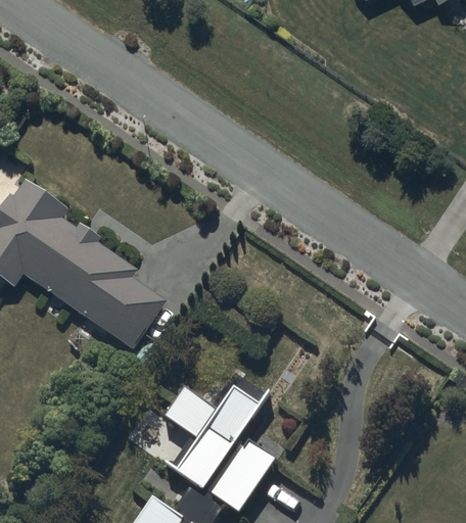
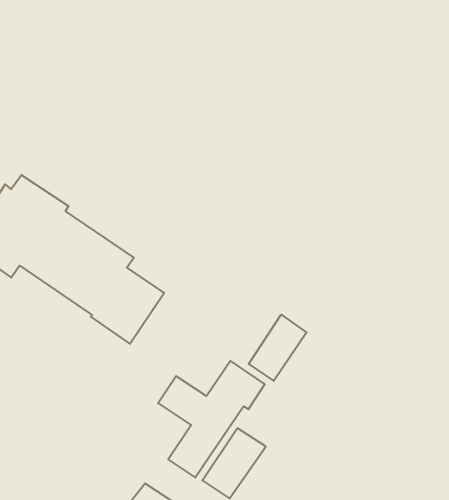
building: none -> [249,315,307,381]

